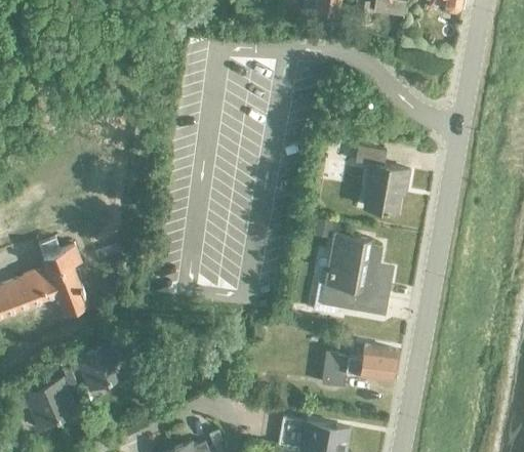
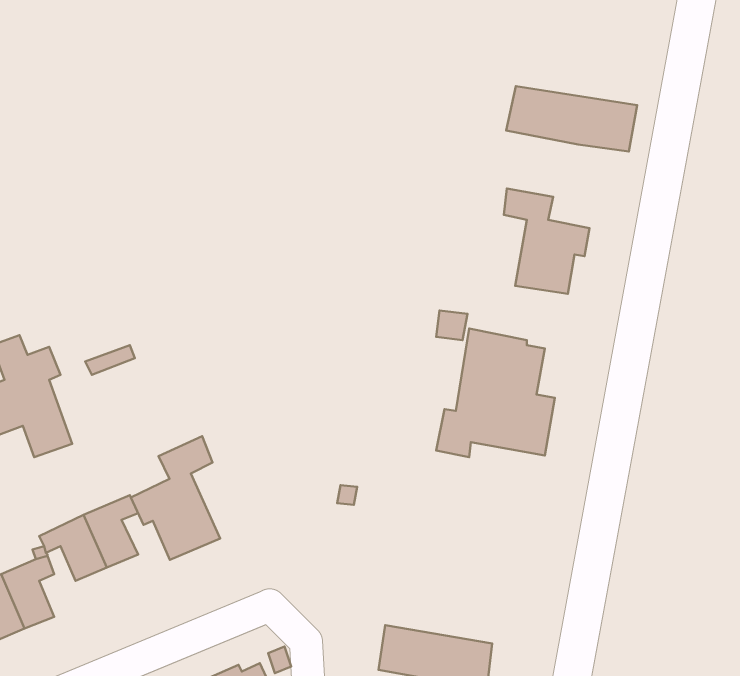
building: none -> [506,86,637,152]
building: none -> [131,436,220,560]
building: [323,346,396,386] -> none

